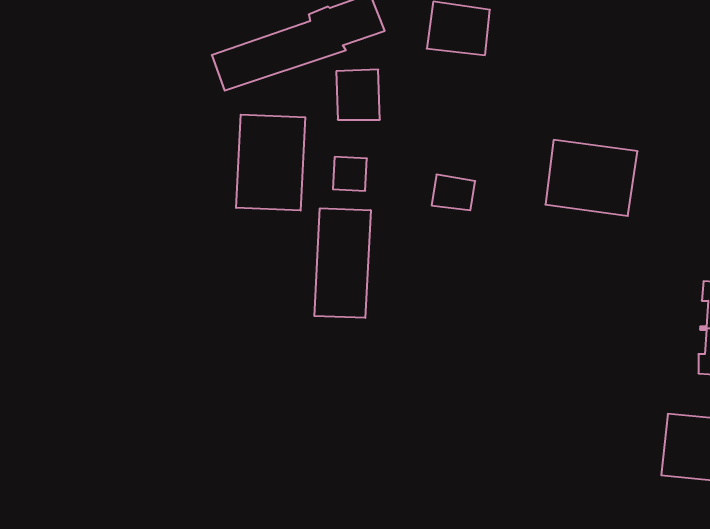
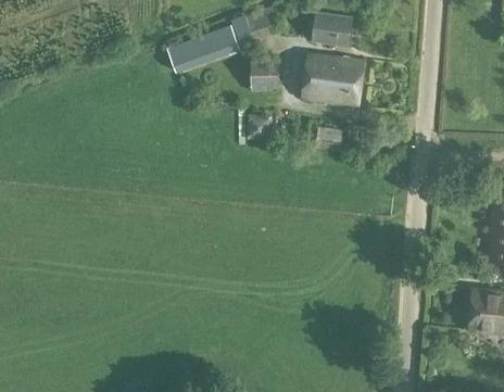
building: [236,115,305,211] -> none
building: [545,140,638,216] -> [302,54,364,105]
building: [314,208,371,318] -> none

